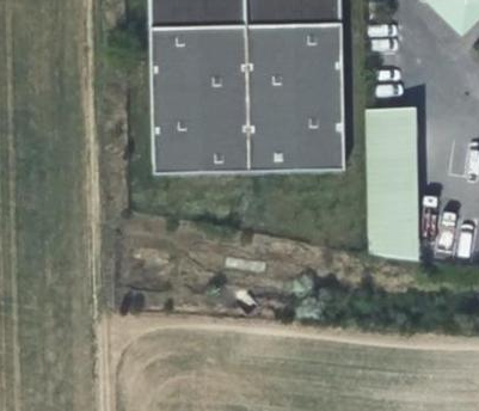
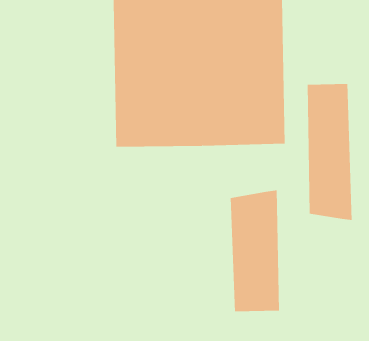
building: none -> [230,190,279,312]

